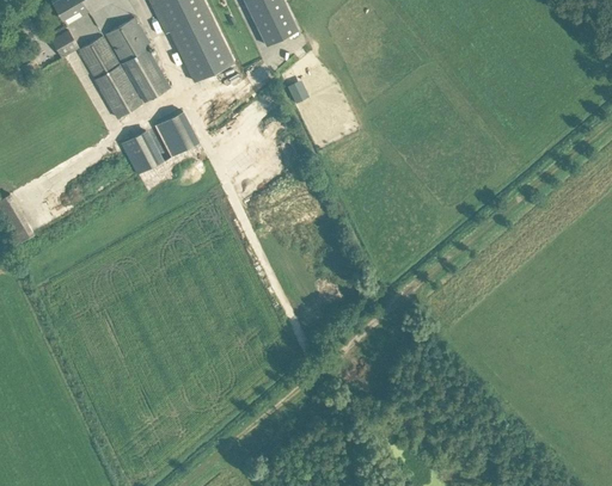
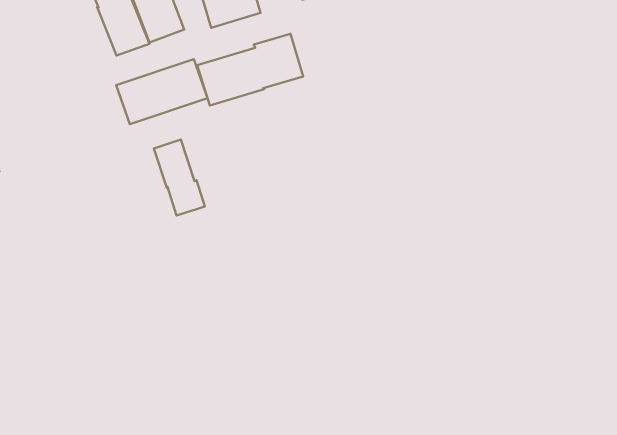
building: none -> [197,34,303,106]
building: none -> [154,140,205,216]

